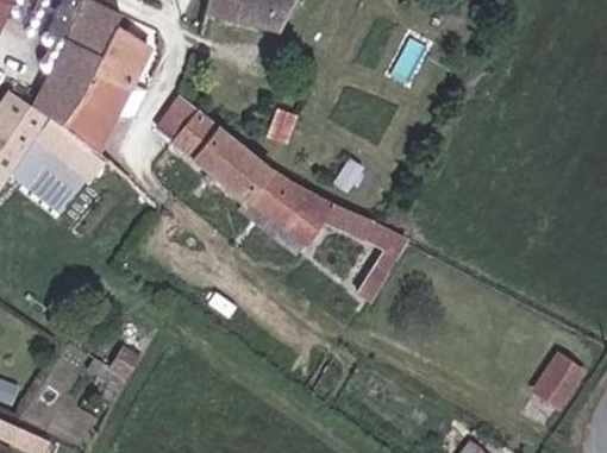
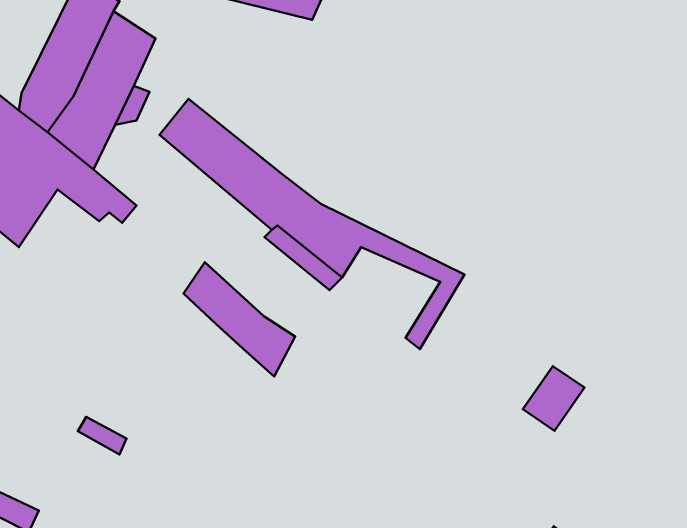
building: none -> [184,262,295,376]
building: [532,352,583,405] -> [523,366,585,431]

